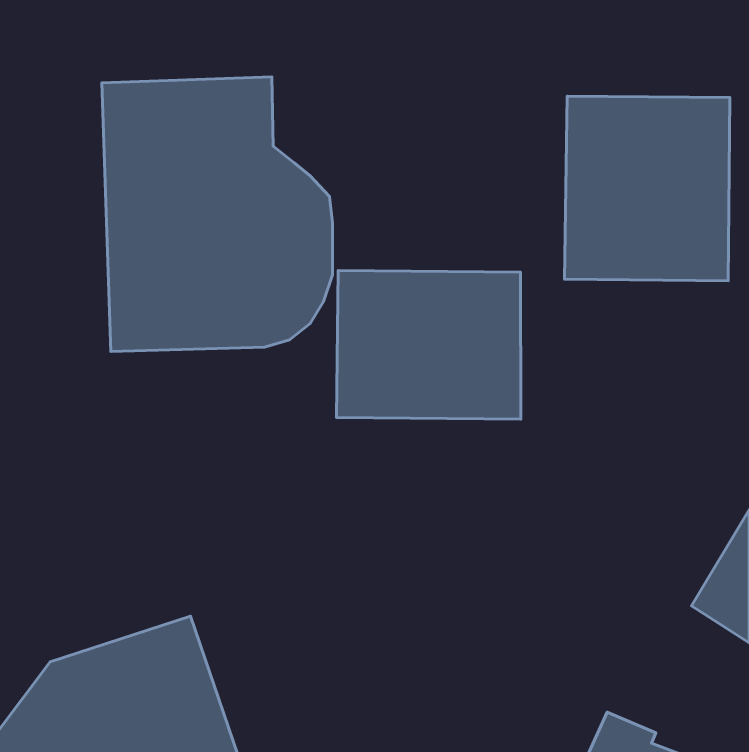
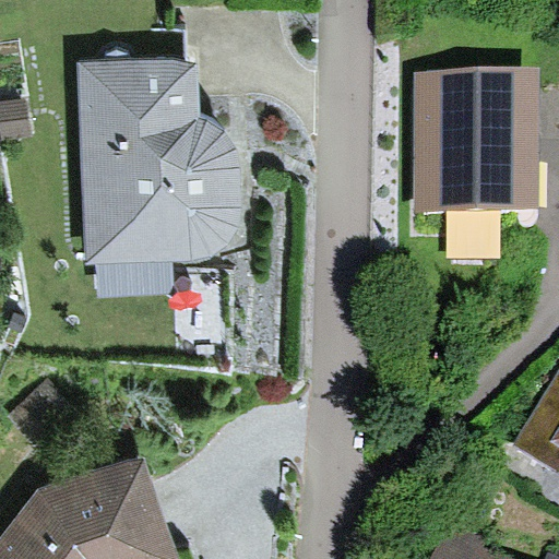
building: [337,270,521,419] -> none

